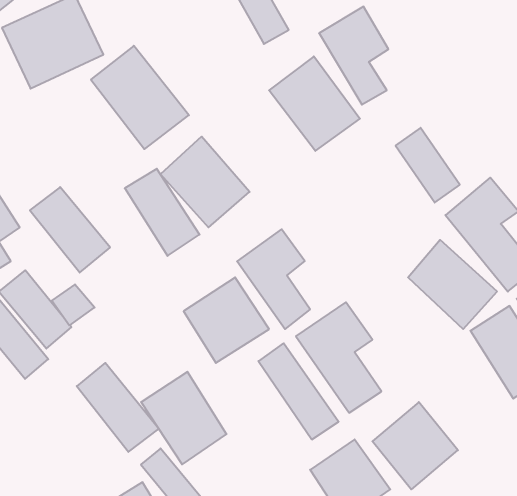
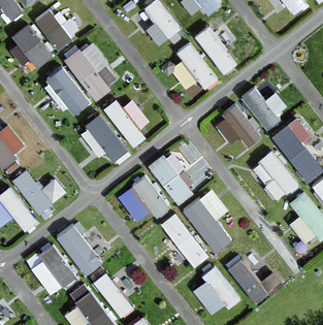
building: none -> [216,104,260,151]
building: [30,187,110,273] -> [43,67,90,117]
building: [141,372,227,464] -> [26,242,75,296]

